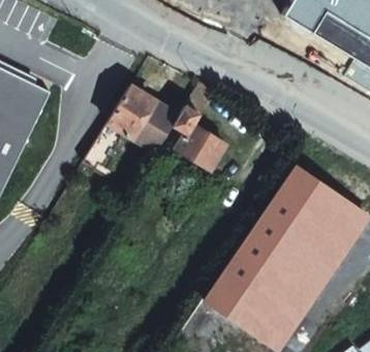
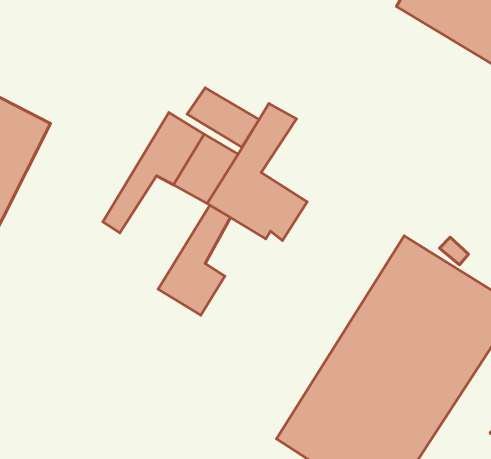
building: none -> [187,88,259,147]
building: none -> [158,205,231,315]

